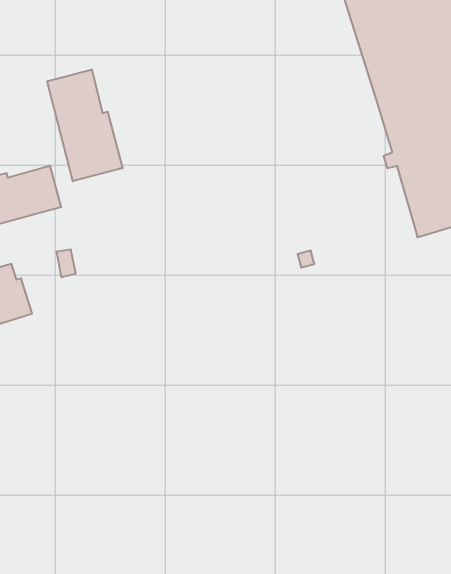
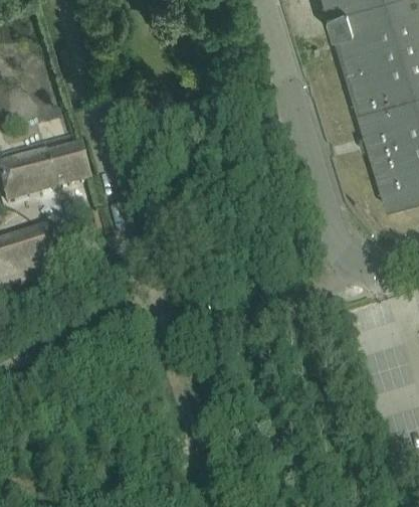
building: [47,69,123,181] -> none

